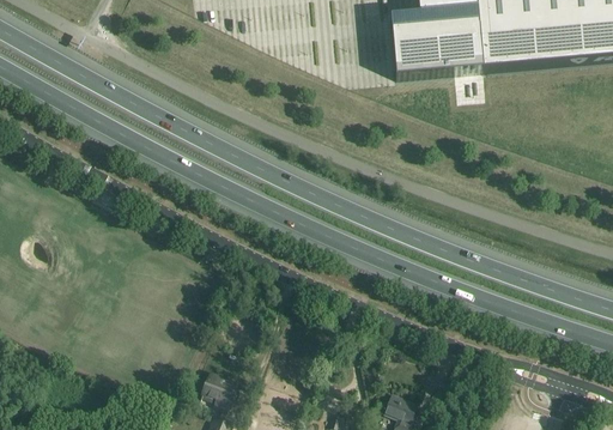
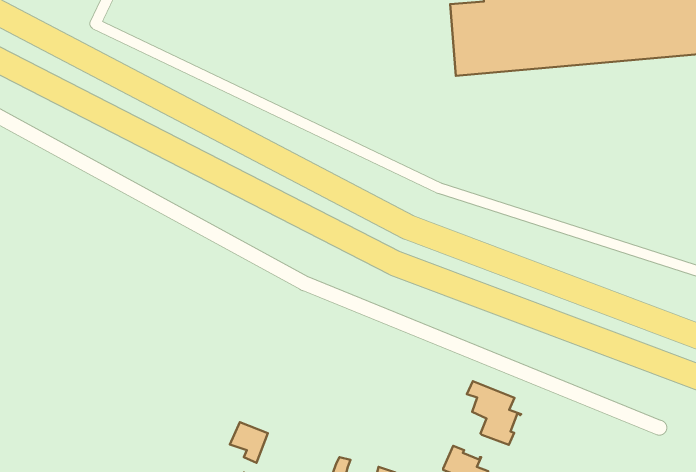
building: none -> [467,381,521,445]

